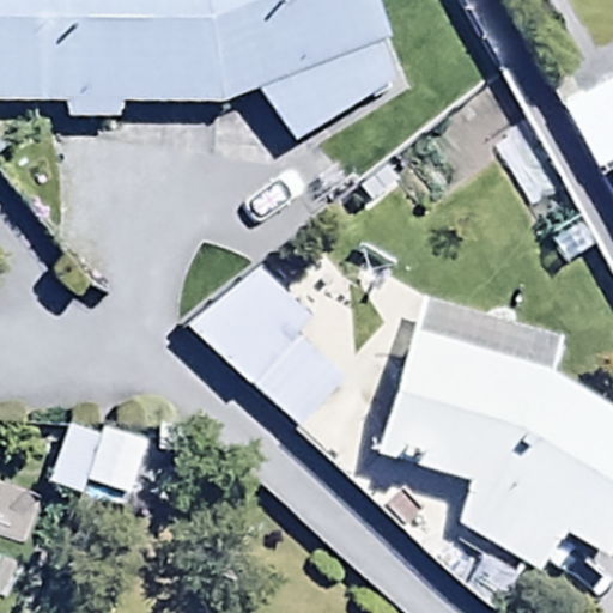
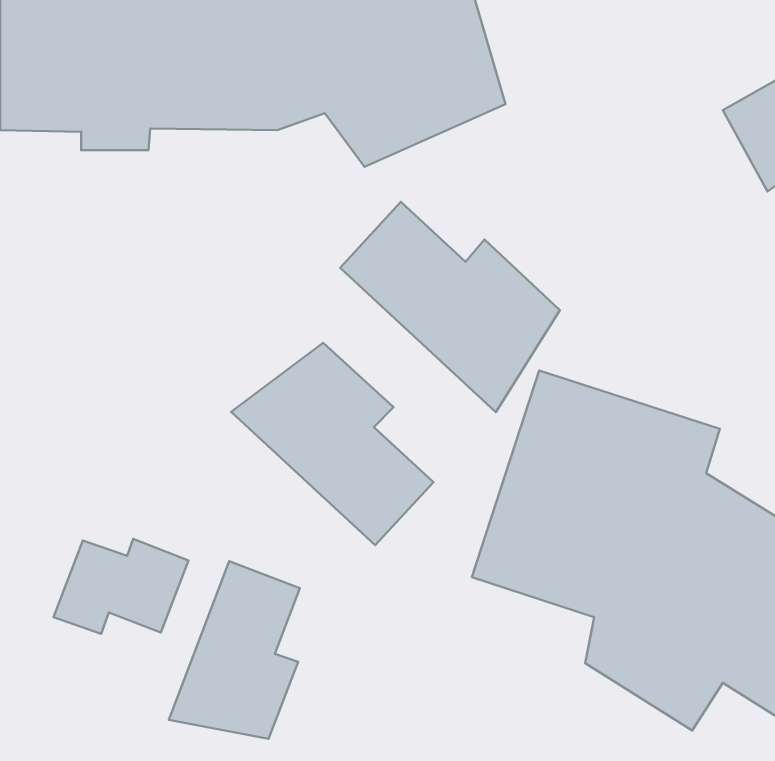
building: none -> [340,202,560,412]
building: none -> [169,561,300,739]

